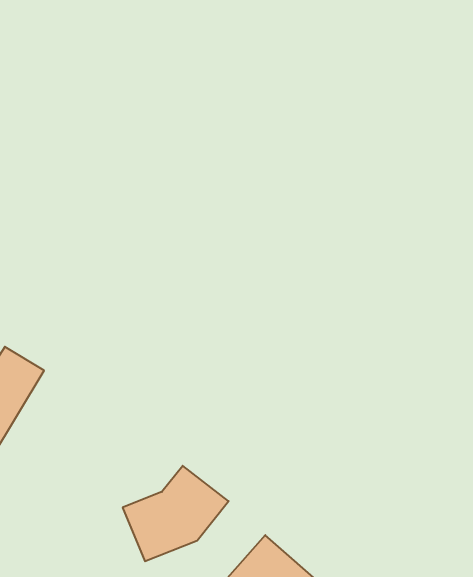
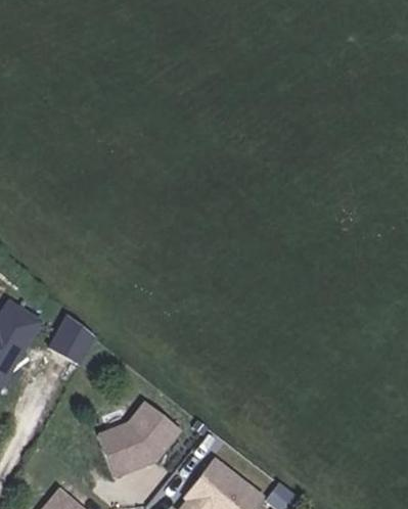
building: none -> [52,318,99,365]

